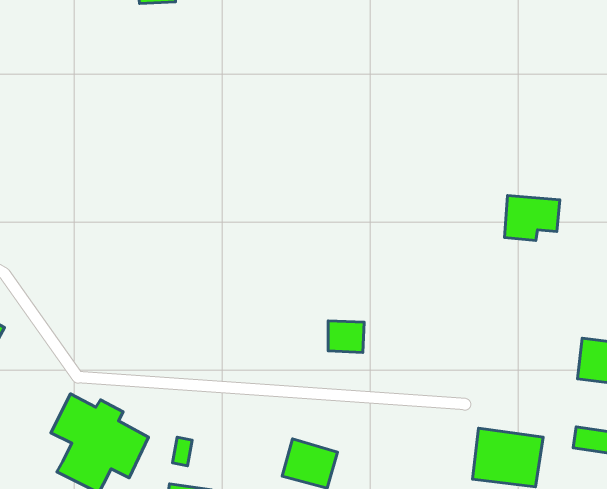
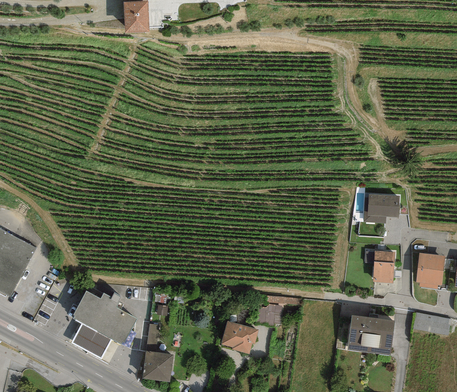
building: [504,195,560,240] -> [362,194,399,224]
building: [328,321,364,352] -> [259,300,283,321]
building: none -> [372,250,396,284]

